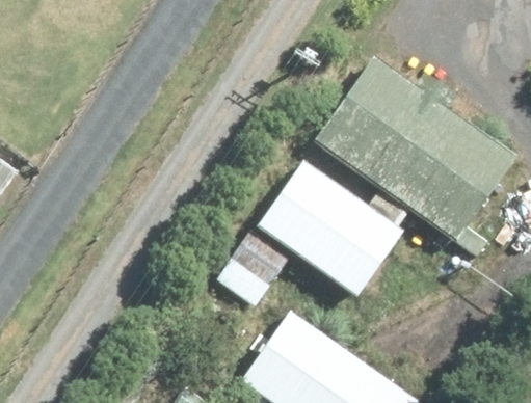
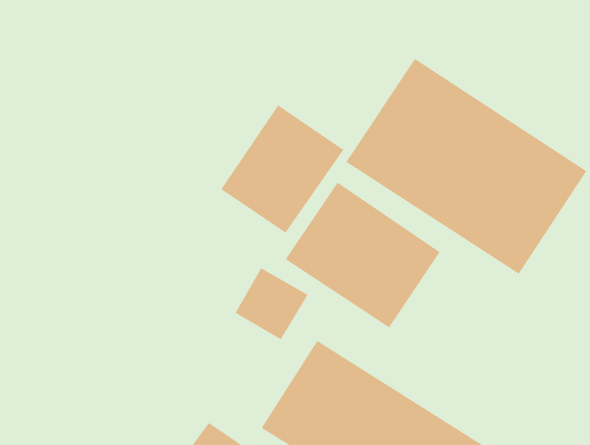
building: none -> [221,105,344,234]

